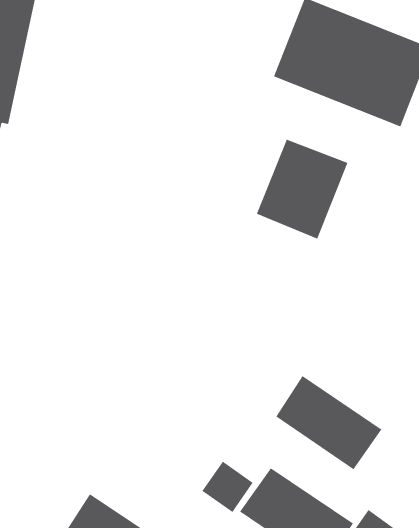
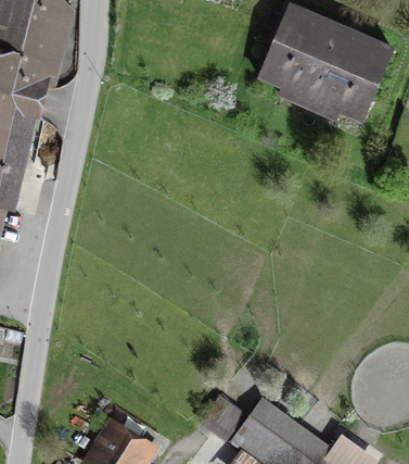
building: [256,139,348,239] -> none
building: [276,375,382,470] -> none

